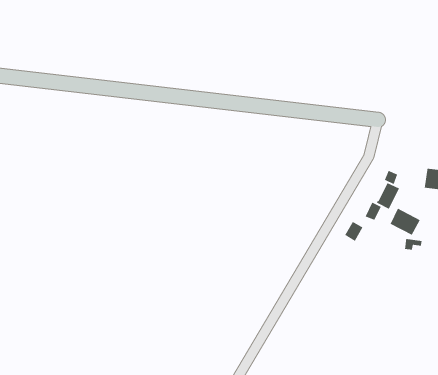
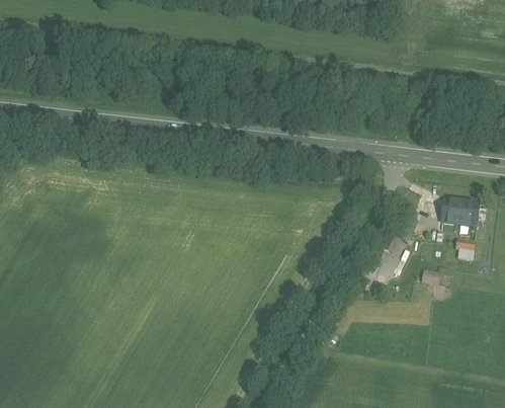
building: [389,208,421,236] -> none

